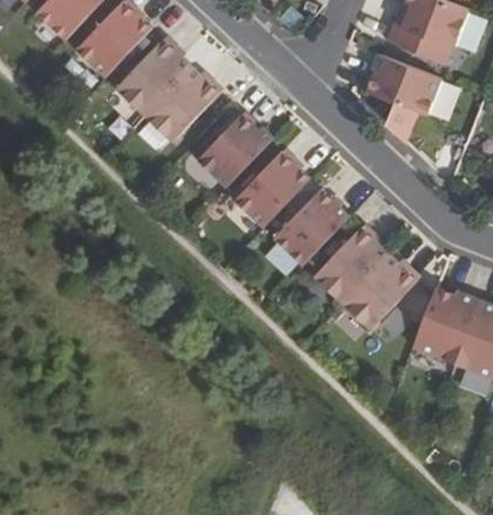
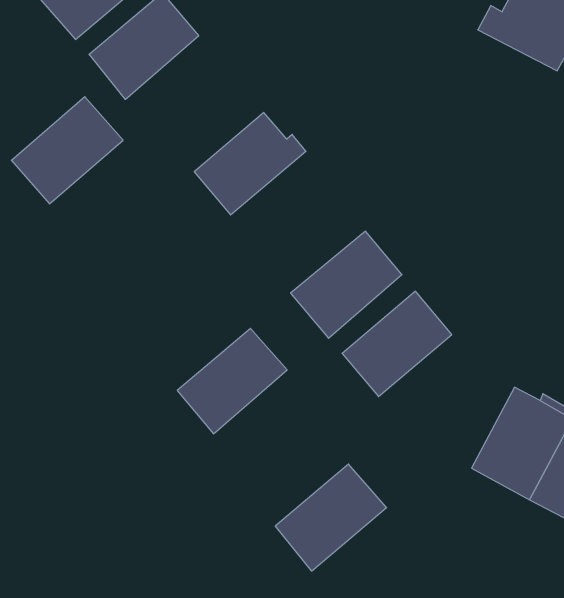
building: [367,53,441,115] -> none
building: [144,65,220,142] -> [11,97,123,204]
building: [234,152,309,228] -> [177,328,287,434]
building: [342,254,418,331] -> [275,464,387,571]

